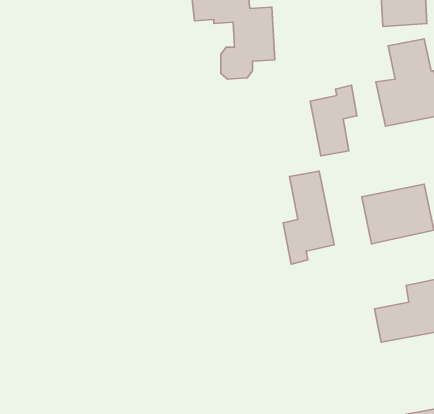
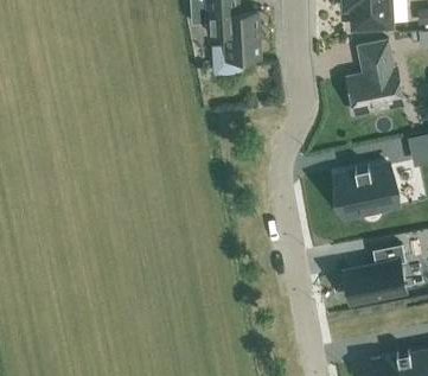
building: [310,85,357,156] -> none
building: [283,171,334,264] -> none

